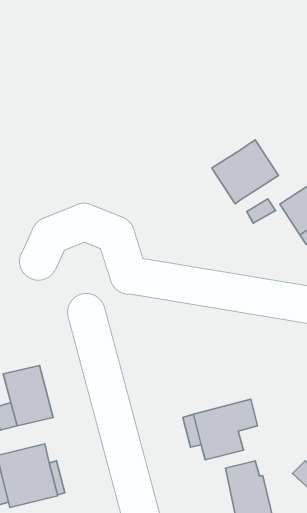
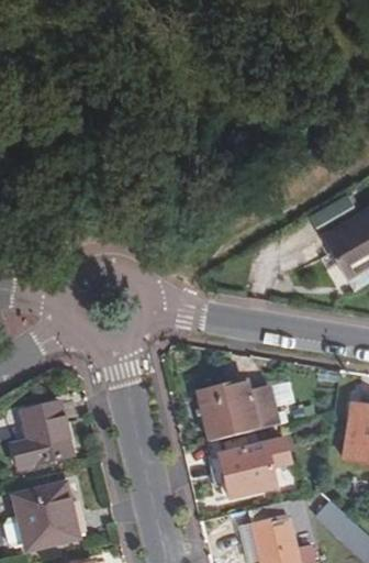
building: [212,140,279,204] -> none
building: none -> [199,380,280,442]

